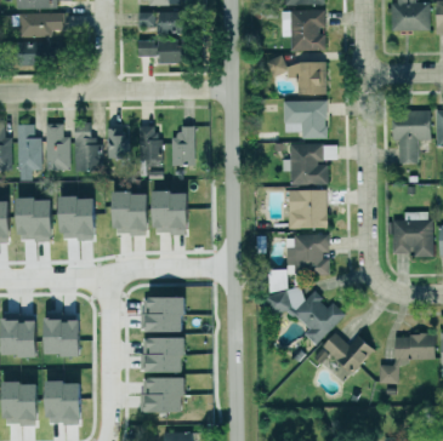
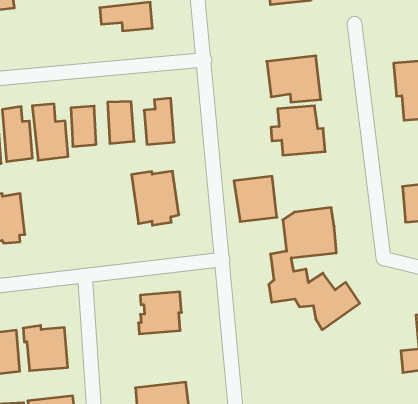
building: [268,57,324,93] -> none
building: [114,190,152,234] -> none
building: [285,191,320,229] -> [234,176,277,222]
building: [62,195,97,240] -> none
building: [322,333,374,373] -> none
building: [150,337,186,371] -> none

